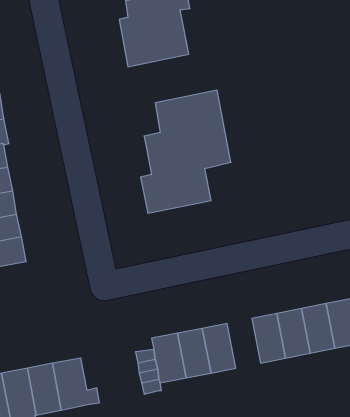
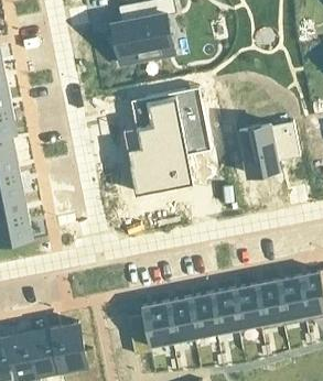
building: none -> [238,123,300,176]
building: none -> [208,290,238,334]

